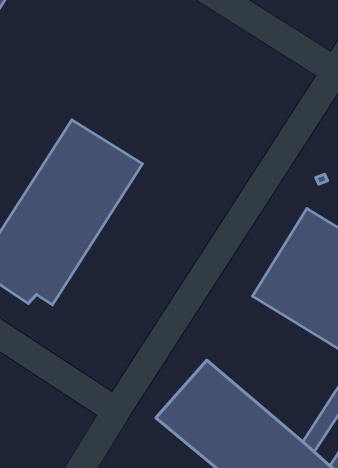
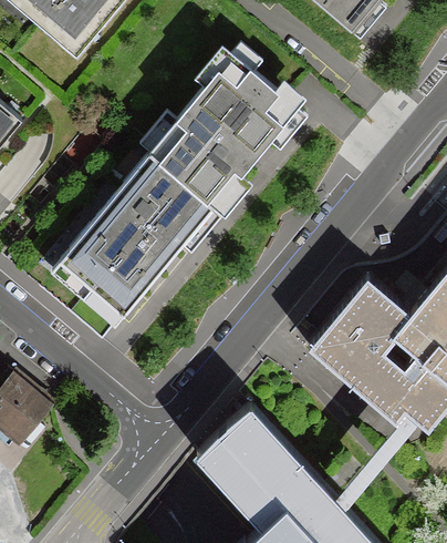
building: none -> [152,57,299,206]

